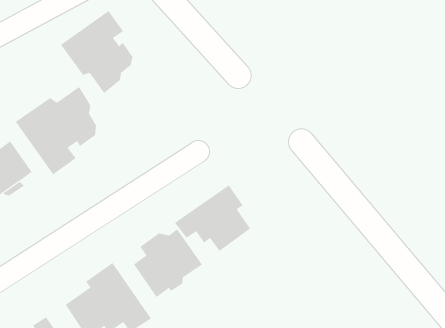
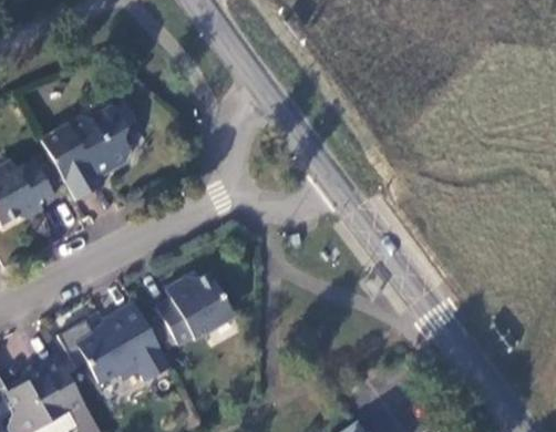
building: [60,10,133,94] -> none
building: [174,184,251,252] -> none

